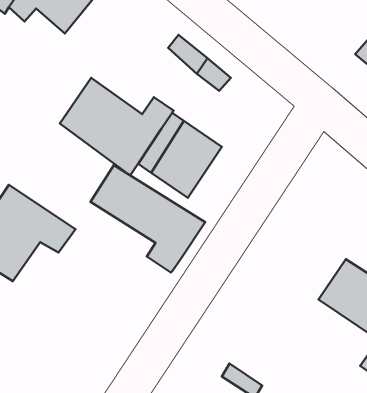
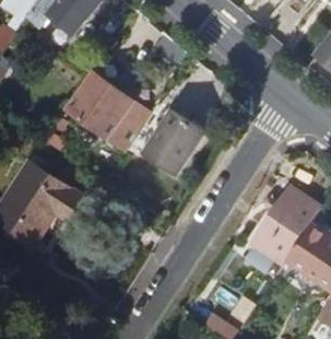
building: [90,165,205,273] -> none
building: none -> [249,185,320,265]

